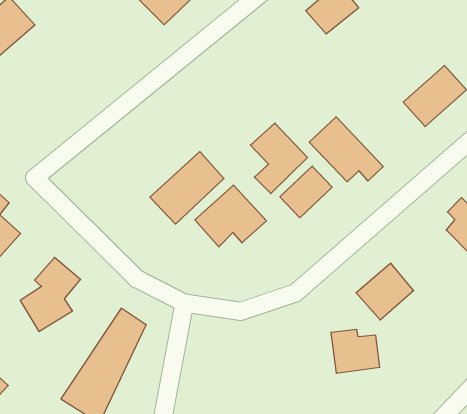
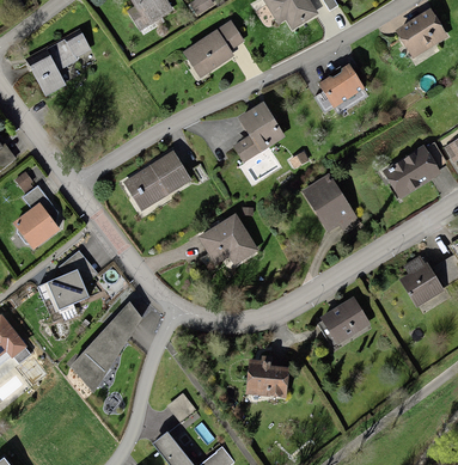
building: [250,123,308,194] -> [236,104,281,160]
building: [150,152,224,224] -> [126,153,188,208]
building: [280,166,332,218] -> none
building: [331,330,380,373] -> [246,361,283,396]

